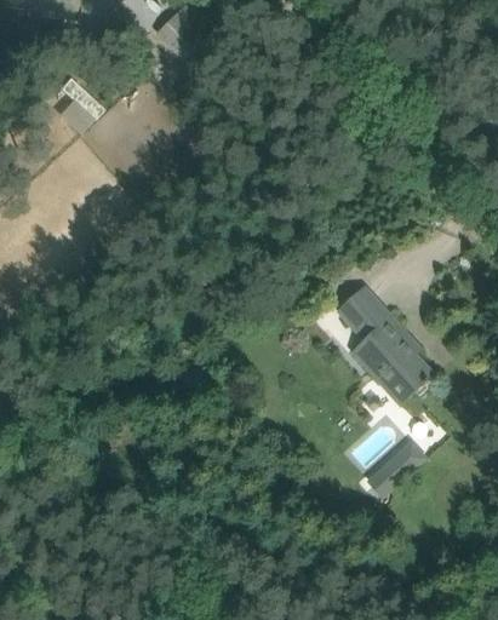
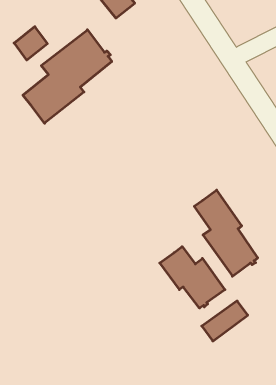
building: none -> [23,30,112,123]
building: none -> [160,247,225,308]

